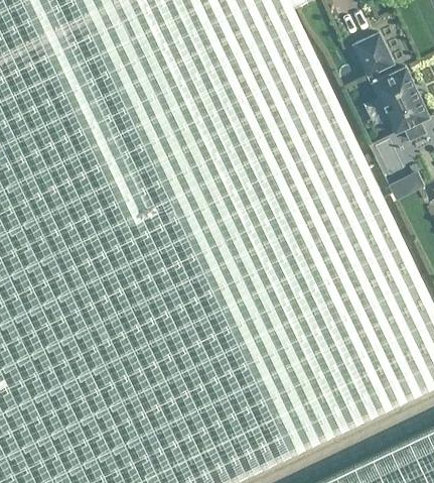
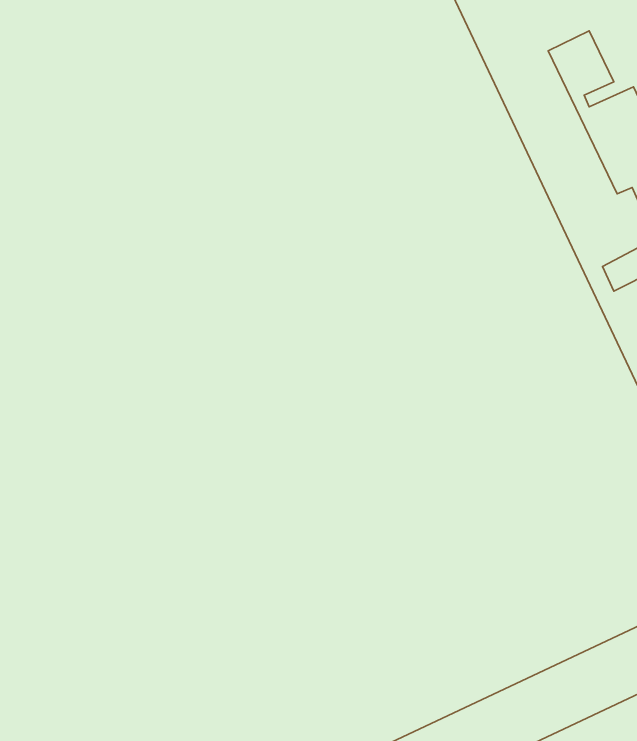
building: [367,126,401,165] -> none

